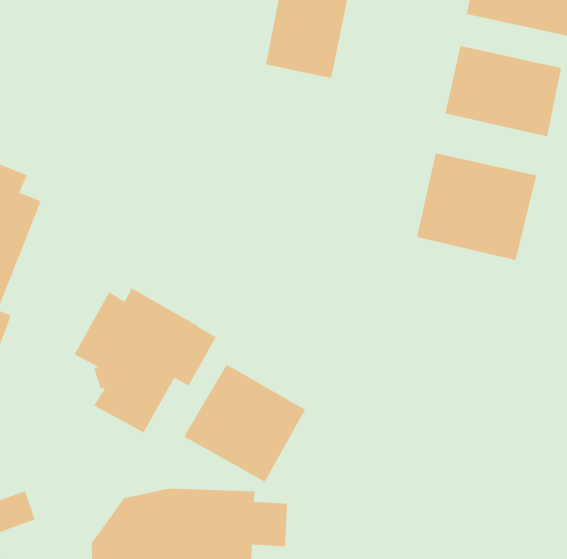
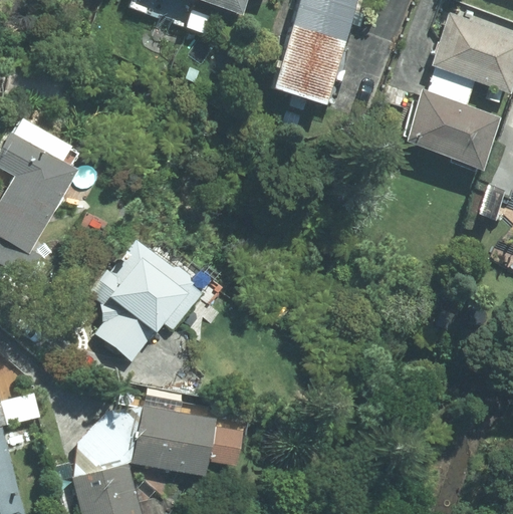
building: [416,152,537,261] -> none
building: [184,364,306,482] -> none

